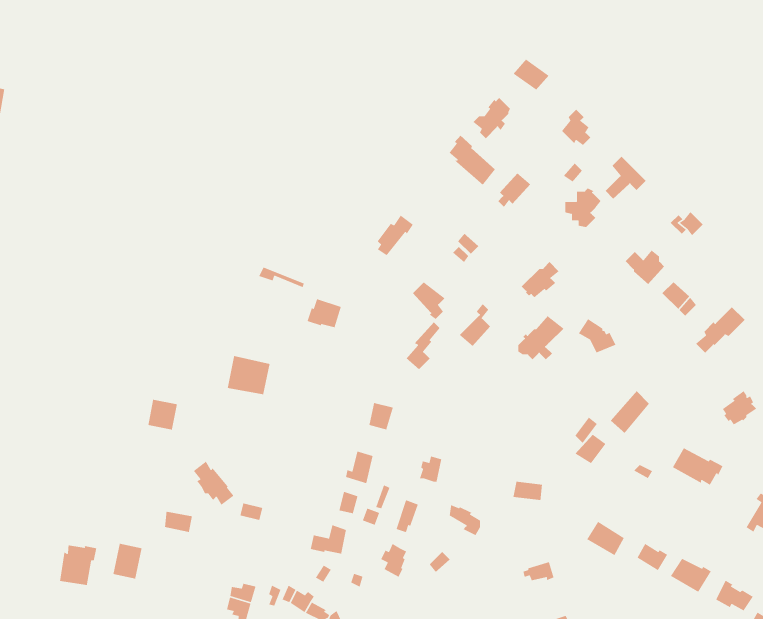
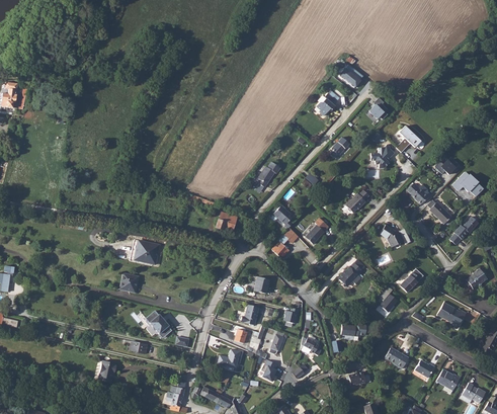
building: [448,135,496,186] -> none
building: none -> [451,171,483,196]
building: [518,315,564,360] -> [338,258,366,285]
building: [227,355,270,395] -> [134,239,160,263]
building: [59,544,97,586] -> none

